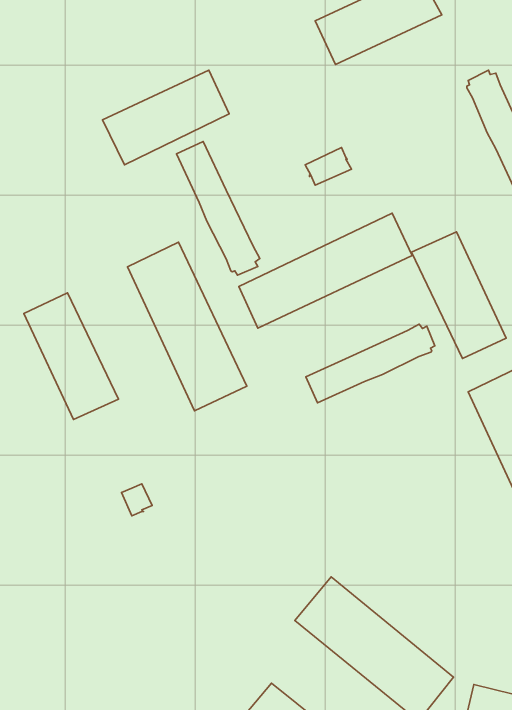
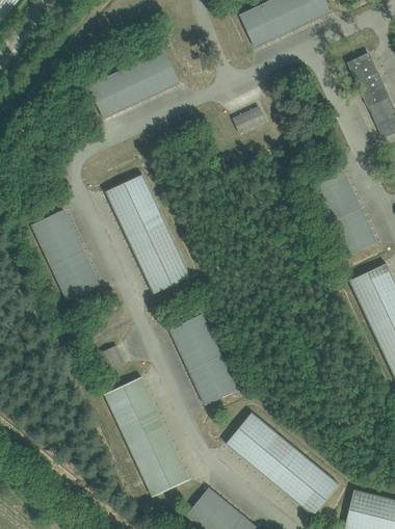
building: [176,141,260,275] -> none
building: [239,213,412,328] -> none
building: [306,324,435,403] -> none
building: none -> [170,314,237,405]
building: none -> [104,376,189,497]

